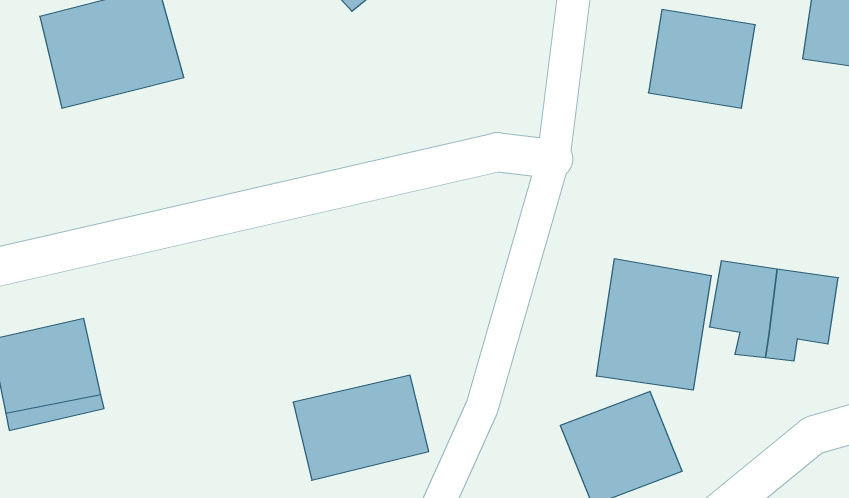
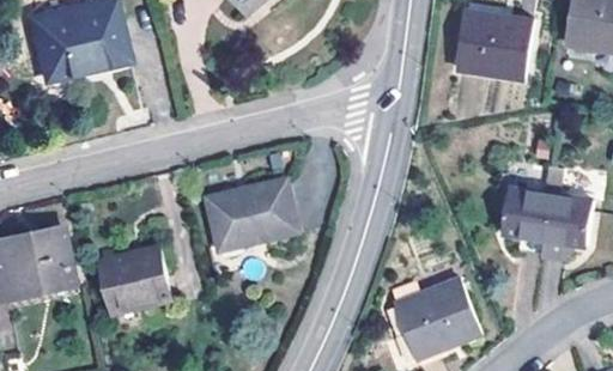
building: [597,259,711,390] -> none
building: none -> [101,245,169,310]
building: [293,375,429,480] -> [205,177,301,251]

